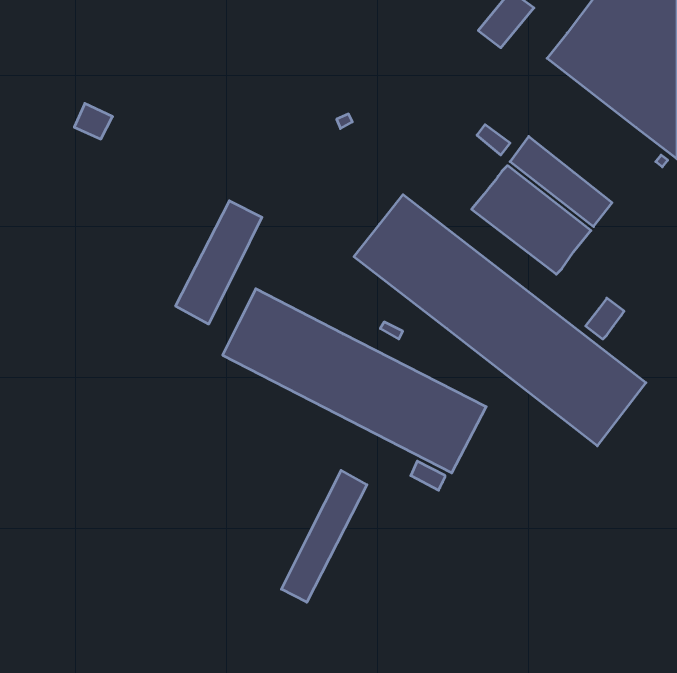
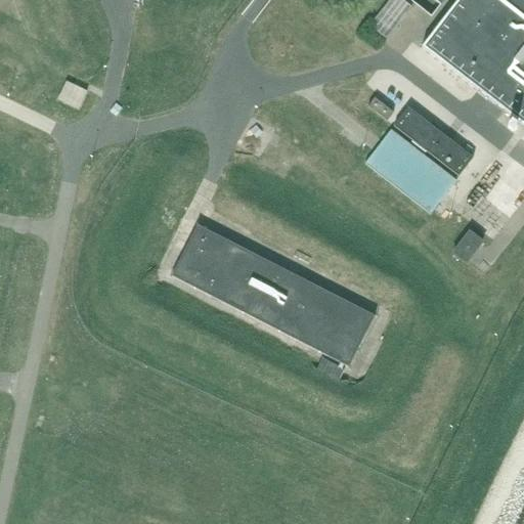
building: [354,195,646,446] -> none
building: [176,201,262,324] -> none
building: [281,470,367,602] -> none

